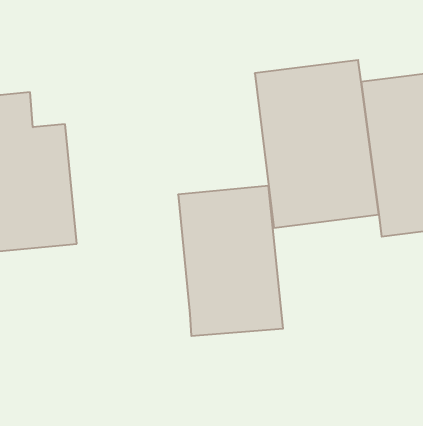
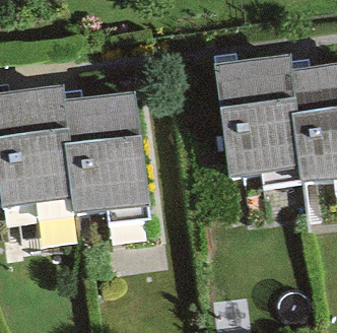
building: [178,186,283,336] -> [74,102,147,206]

